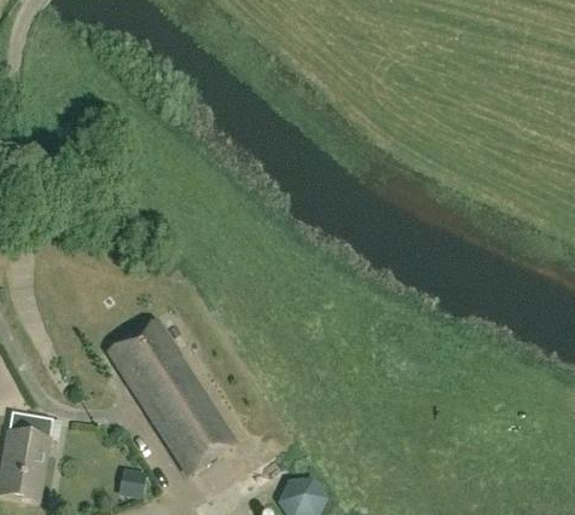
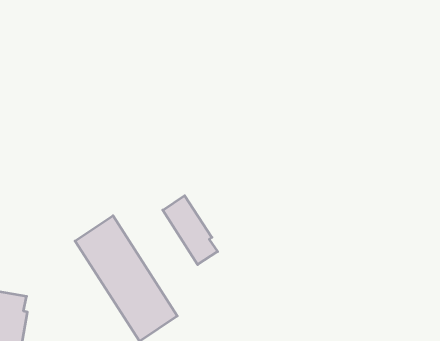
building: none -> [163,196,218,265]

